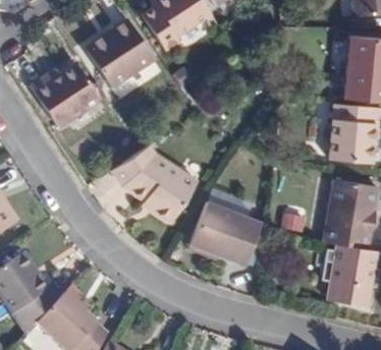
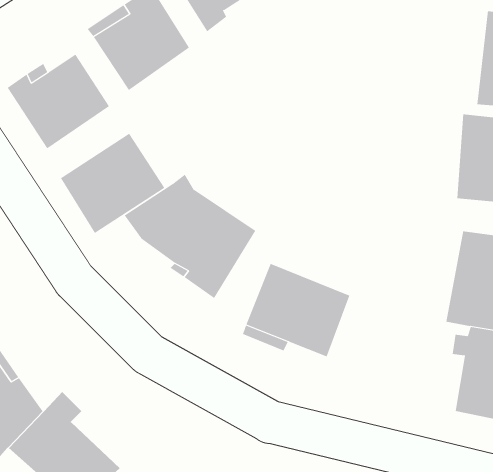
building: none -> [60,133,165,234]

